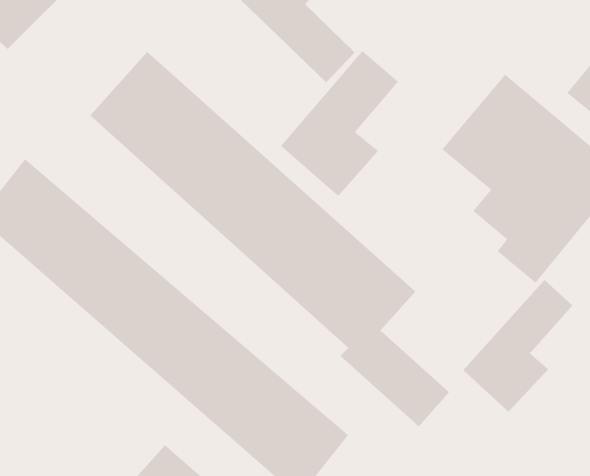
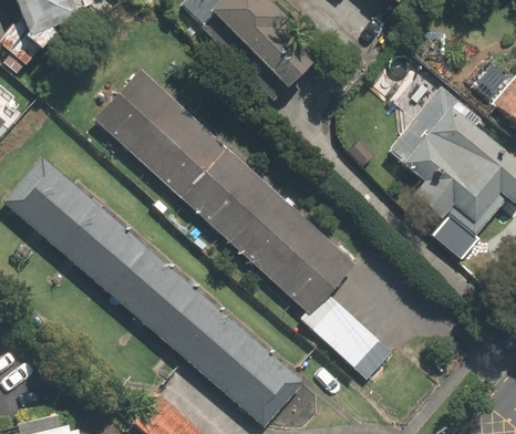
building: [280,50,399,197] -> none
building: [463,279,573,413] -> none

